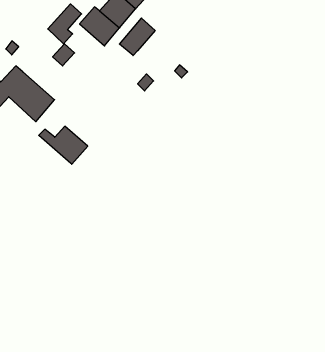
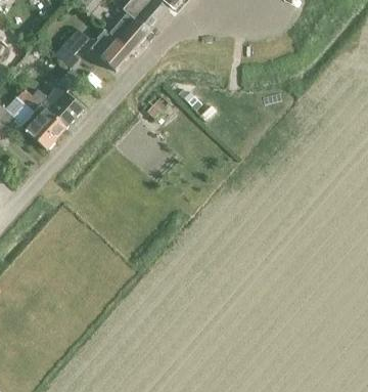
building: [119,18,155,56] -> none
building: [39,126,88,164] -> [31,87,81,126]

